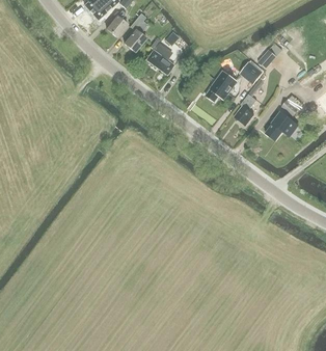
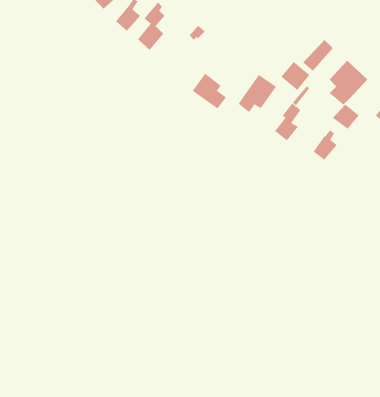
building: [146,45,174,74] -> [192,73,227,109]
building: none -> [329,60,368,106]

